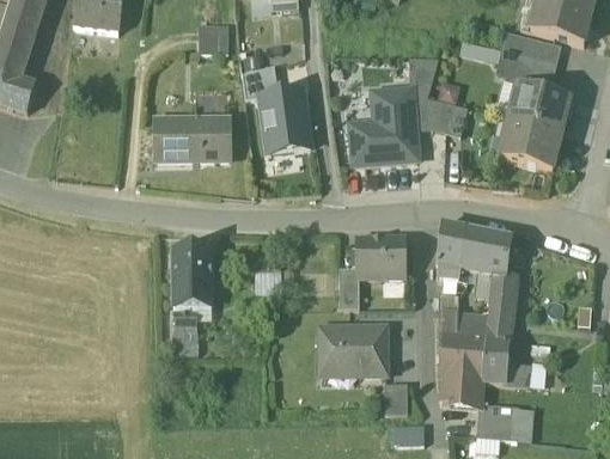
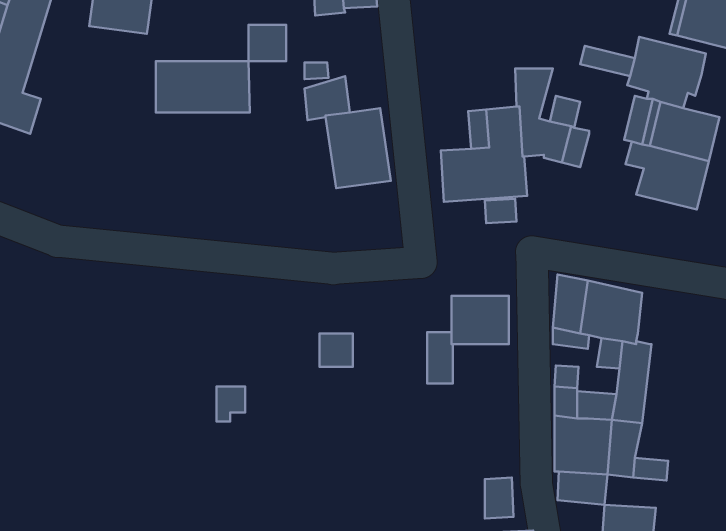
building: [155,118,230,159] -> [156,61,250,113]
building: [173,240,212,305] -> none
building: [321,325,386,373] -> none

